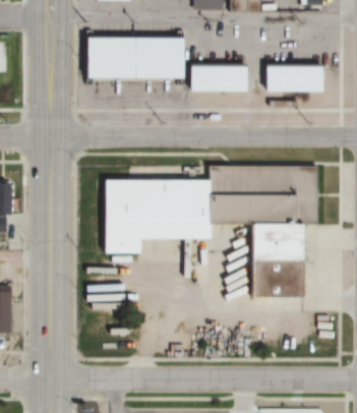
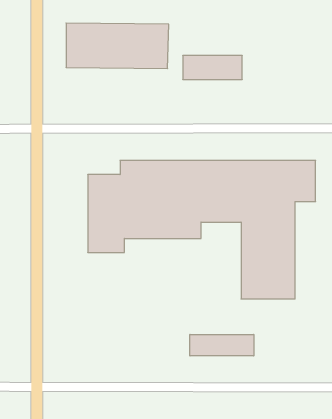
building: [267,66,325,90] -> none
building: none -> [190,334,254,356]

